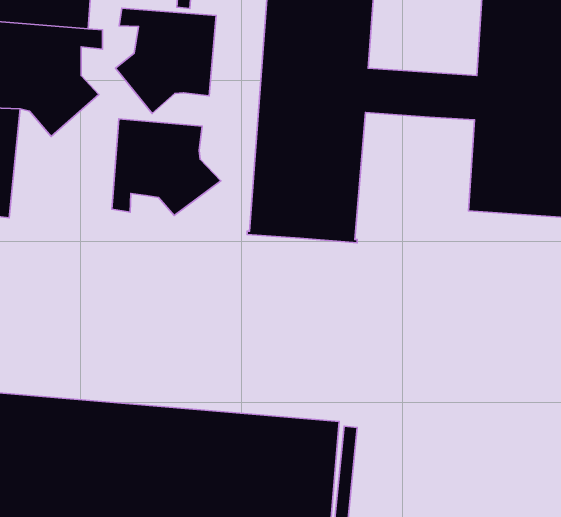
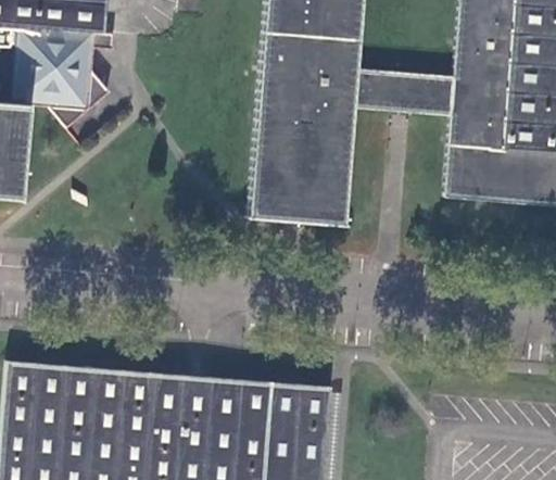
building: [116,8,216,114] -> none
building: [112,119,221,215] -> none

